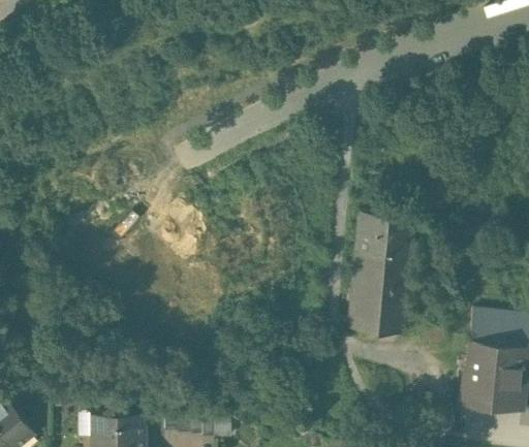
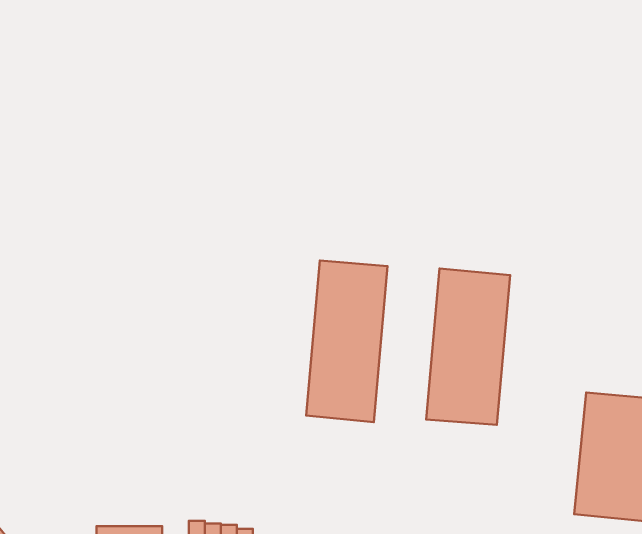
building: none -> [306,260,387,422]

